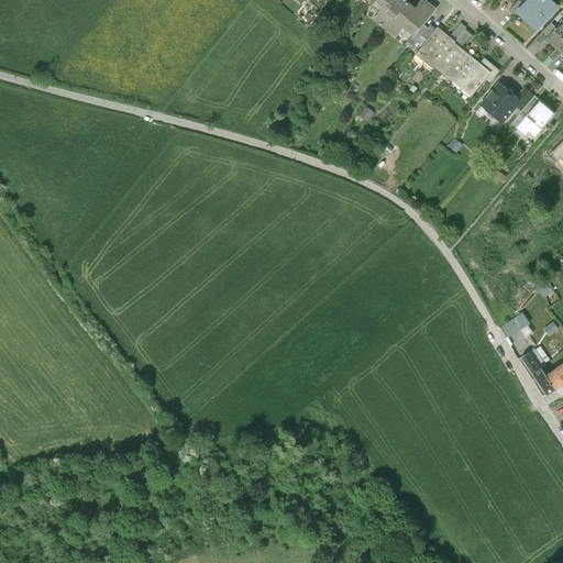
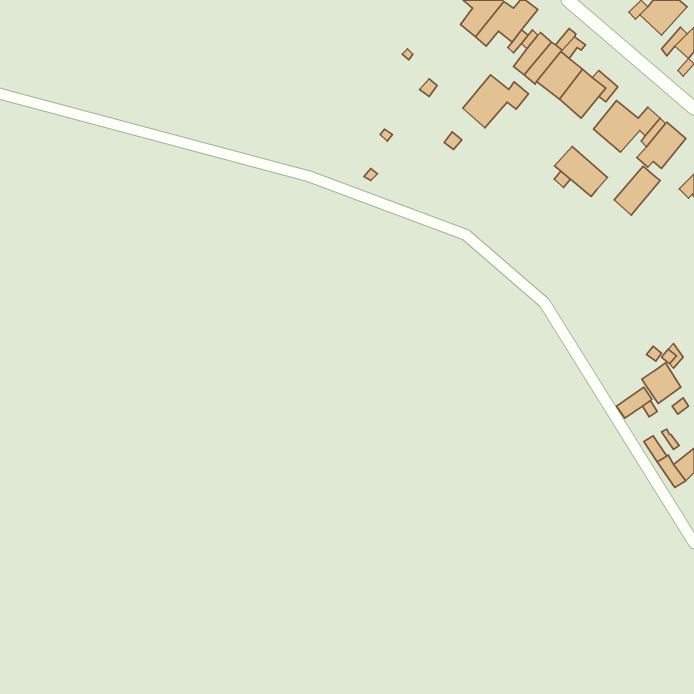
building: none -> [463,75,529,128]
building: none -> [555,147,607,197]
building: none -> [614,166,660,215]
building: none -> [642,363,681,403]

